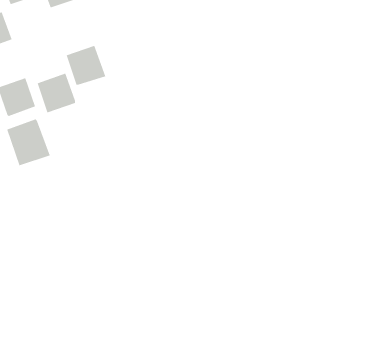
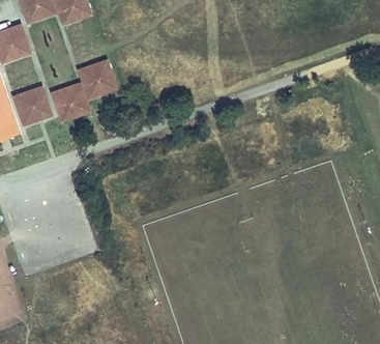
building: [6,118,50,166] -> none

